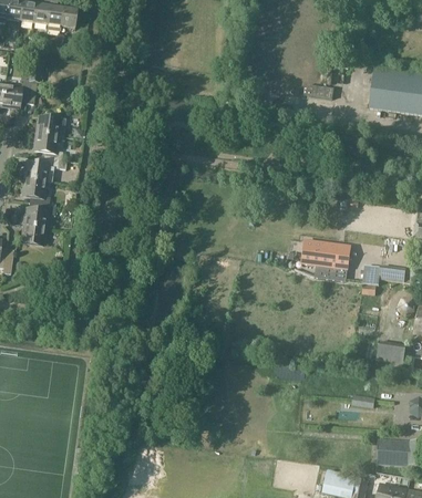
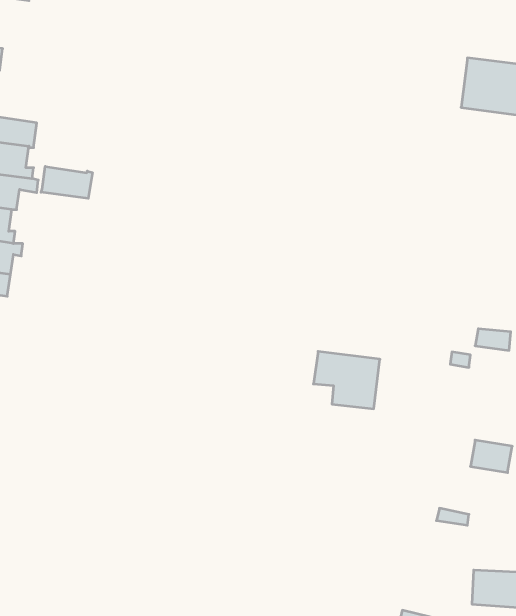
building: none -> [41,166,92,198]
building: [301,239,349,280] -> [313,351,380,409]

